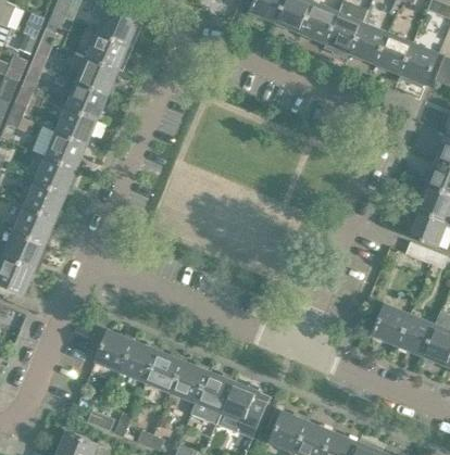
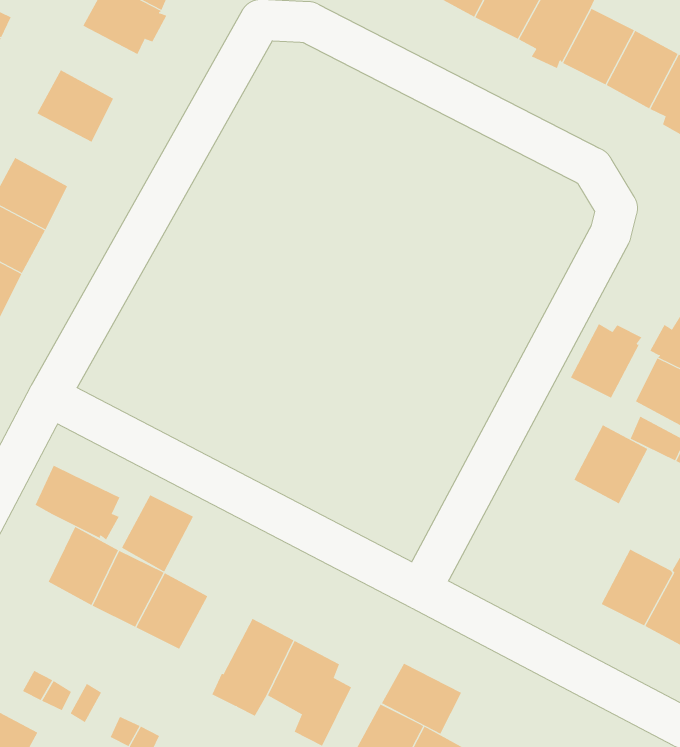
building: [76,56,117,94] -> none
building: [55,106,97,144] -> none
building: none -> [570,323,642,398]
building: none -> [35,465,120,540]
building: [371,303,410,345] -> [574,425,648,504]
building: [170,361,208,402] -> [121,494,194,572]
building: none -> [381,663,462,735]

